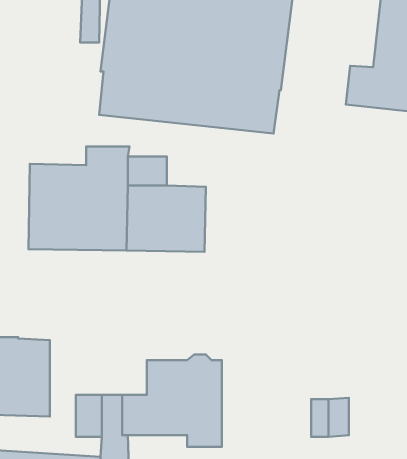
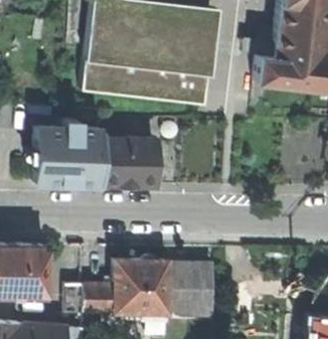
building: none -> [169,268,216,315]

